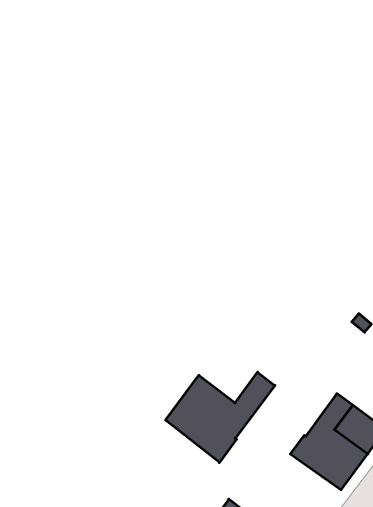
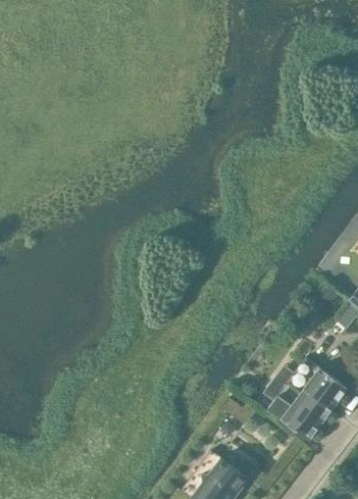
building: [166,372,275,463] -> none

